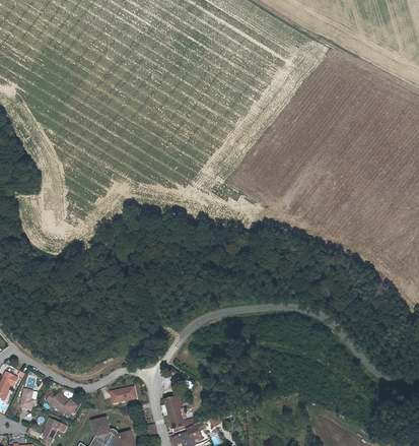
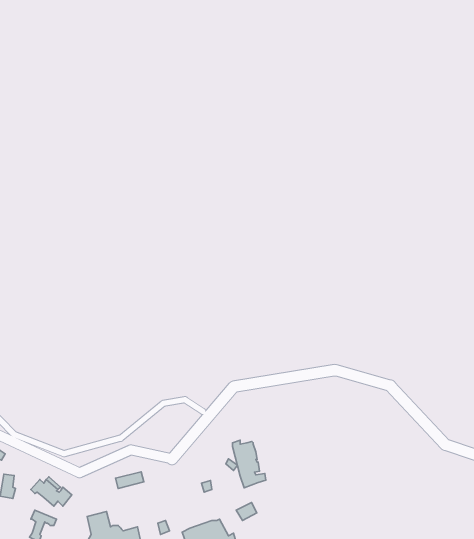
building: [162,395,189,433] -> [233,440,266,488]

